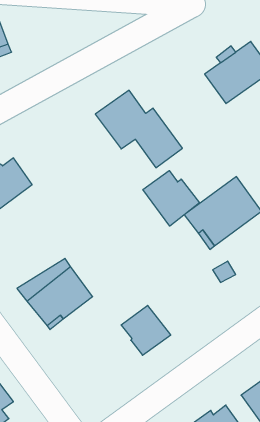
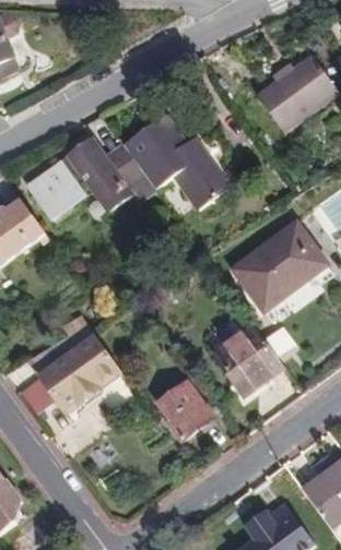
building: none -> [27,137,155,216]
building: [143,171,199,226] -> none
building: none -> [213,323,284,395]

